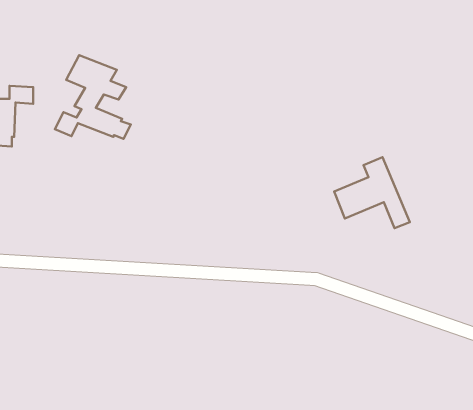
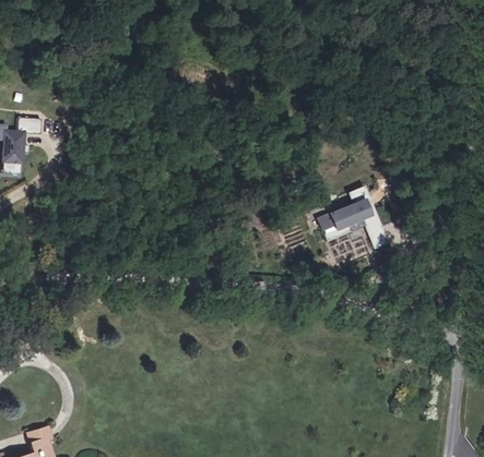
building: [55,55,131,139] -> none

